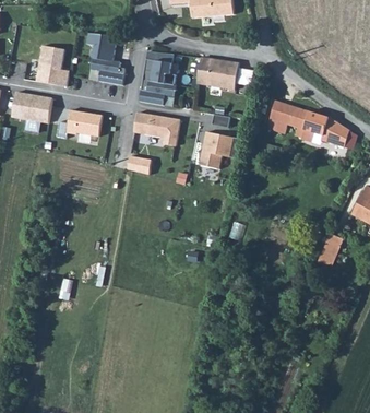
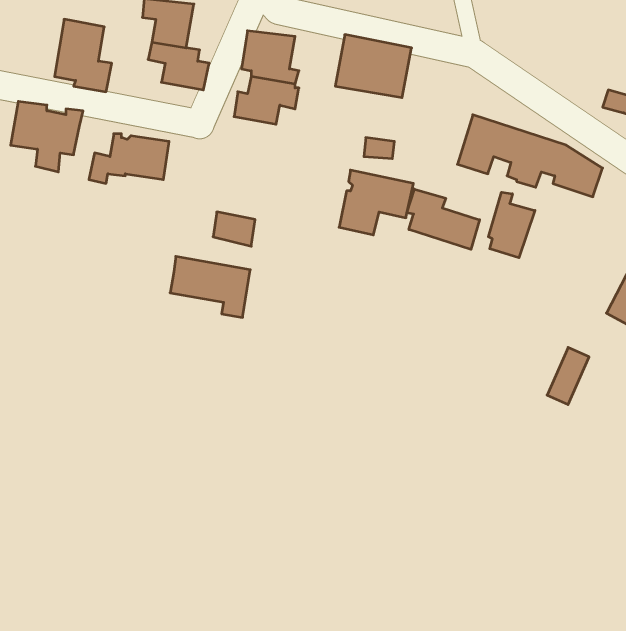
building: [132,111,178,146] -> [170,256,250,317]
building: none -> [407,189,480,249]
building: none -> [488,192,535,258]

